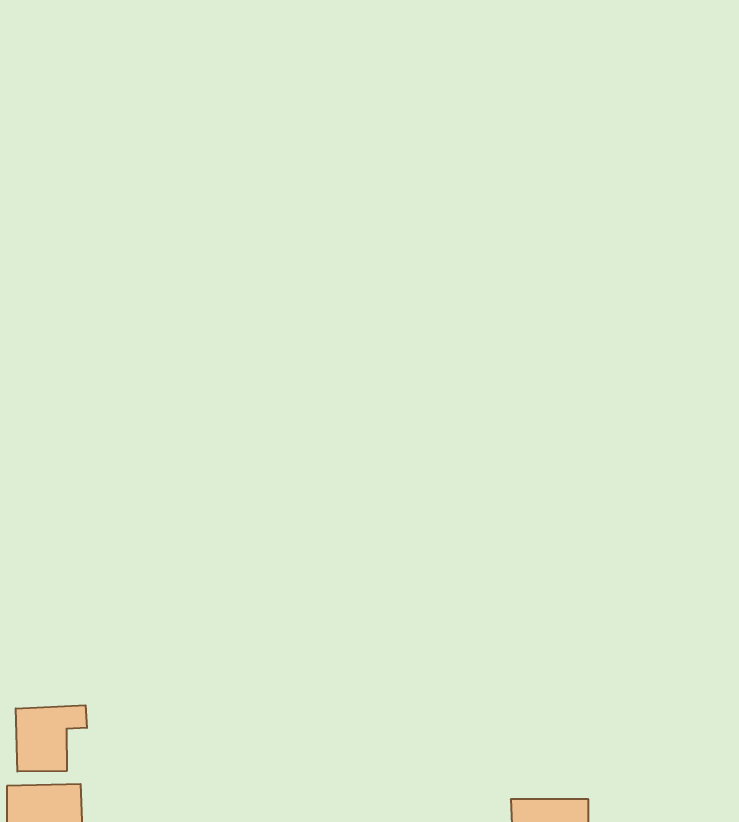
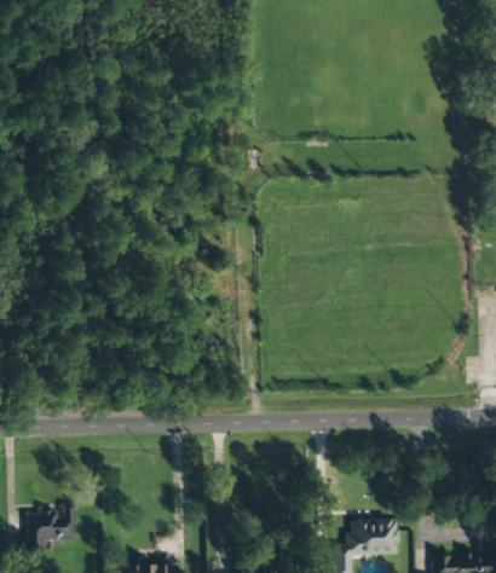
building: [16,705,87,772] -> none

